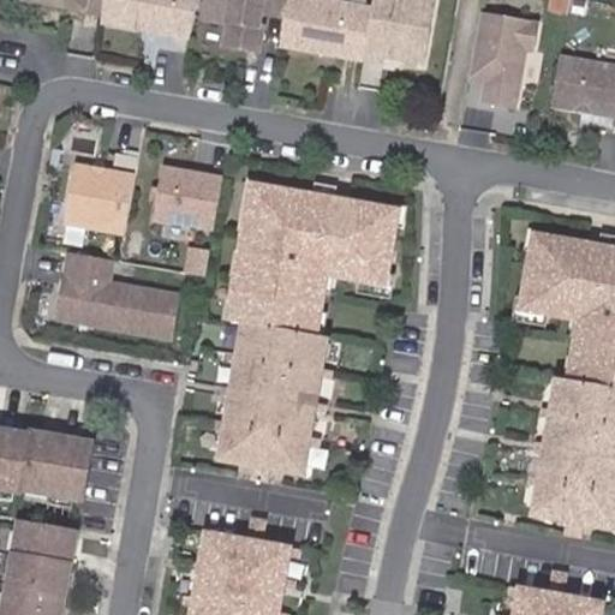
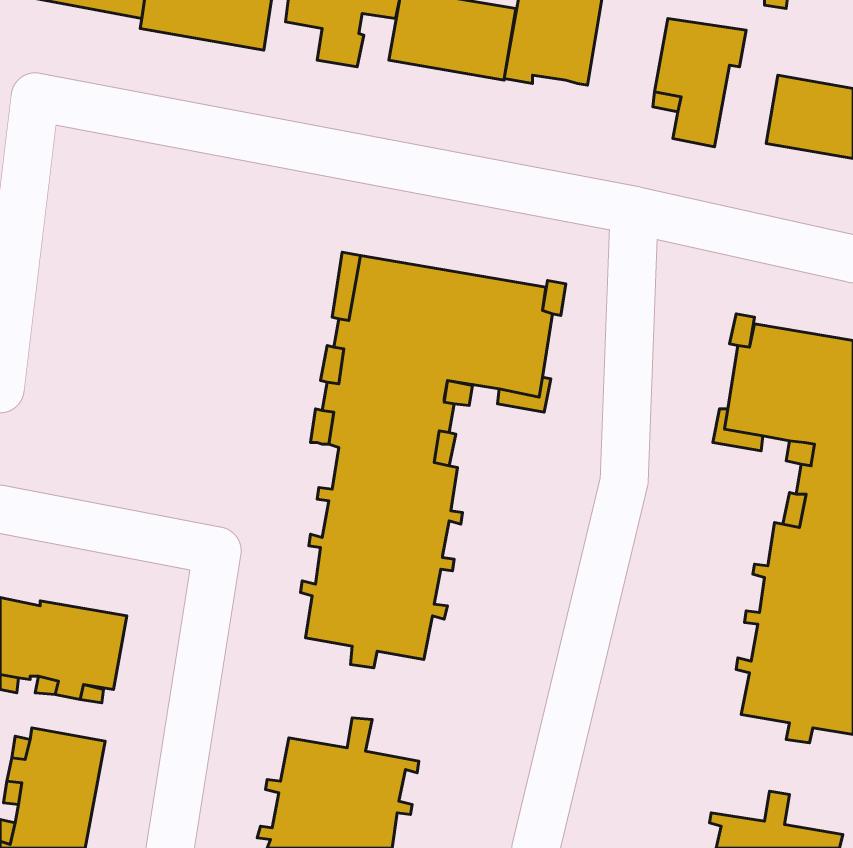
building: [65,163,136,234] -> none
building: [154,167,223,228] -> none
building: [59,251,177,335] -> none

